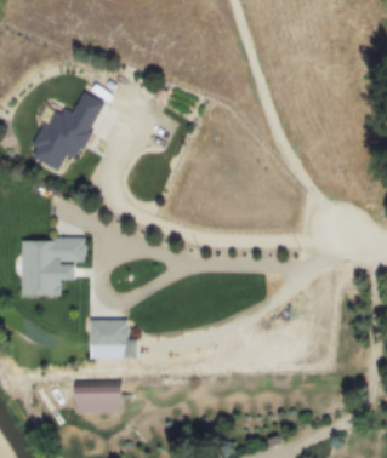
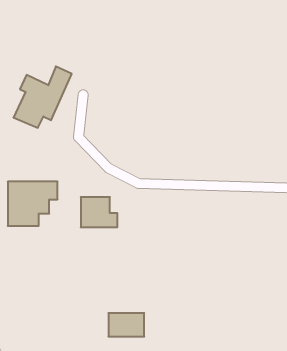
building: [90,320,137,359] -> [81,197,117,227]
building: [74,382,120,412] -> [108,313,144,337]

